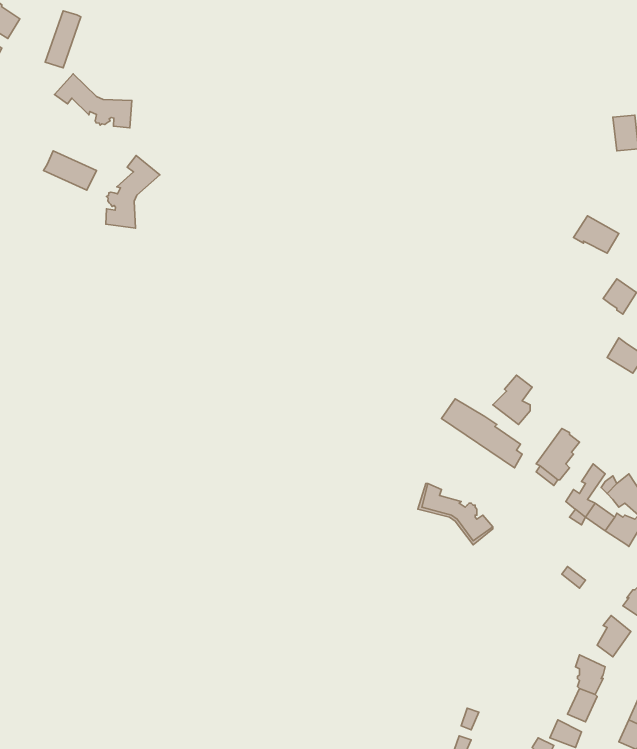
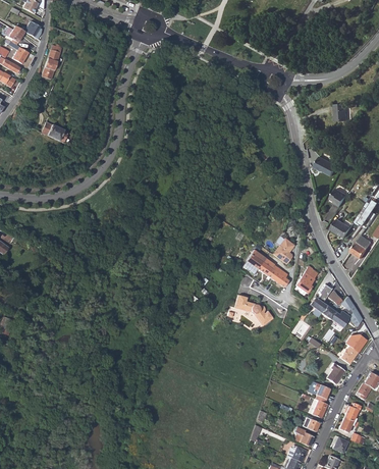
building: [54,74,132,128] -> none
building: [106,156,160,228] -> none

